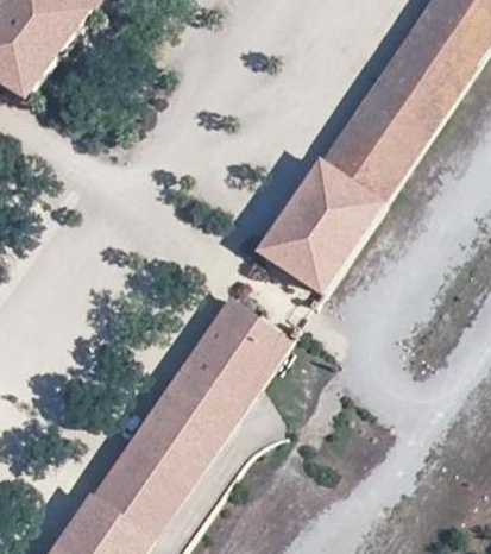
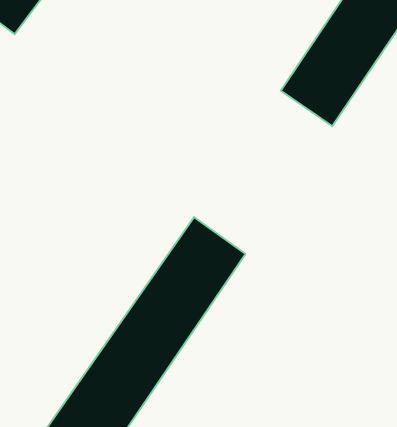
building: [262,160,384,294] -> none

